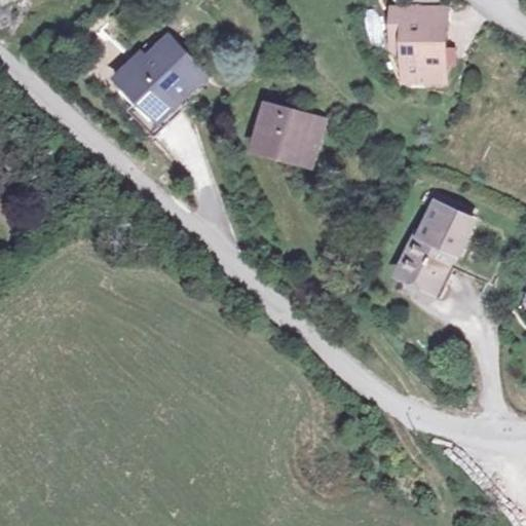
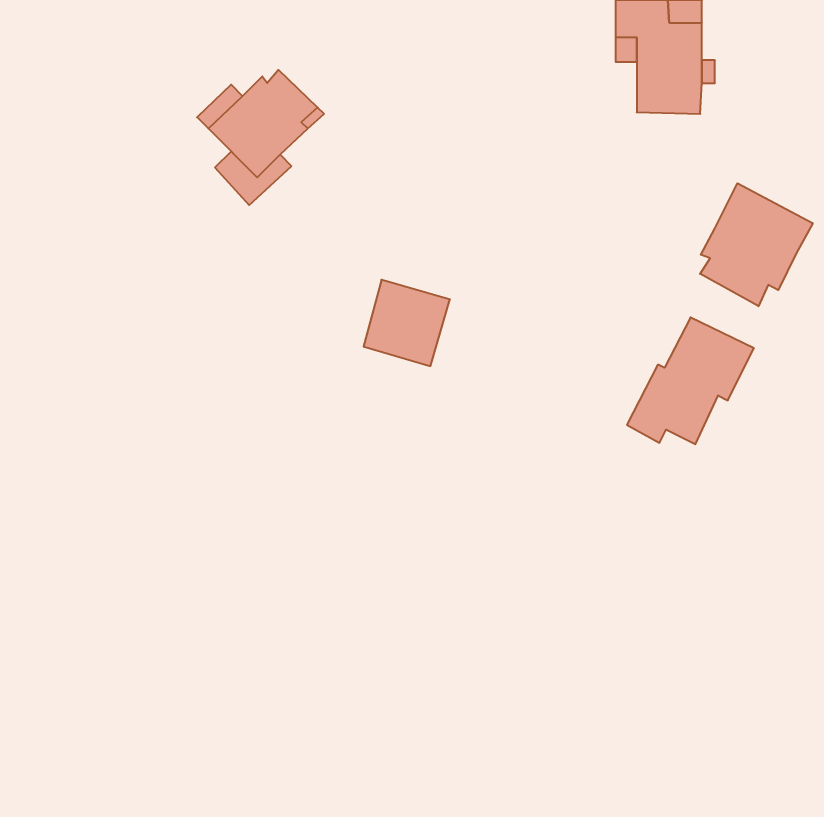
building: [257,110,311,164] -> [364,280,450,366]
building: none -> [700,183,813,306]

